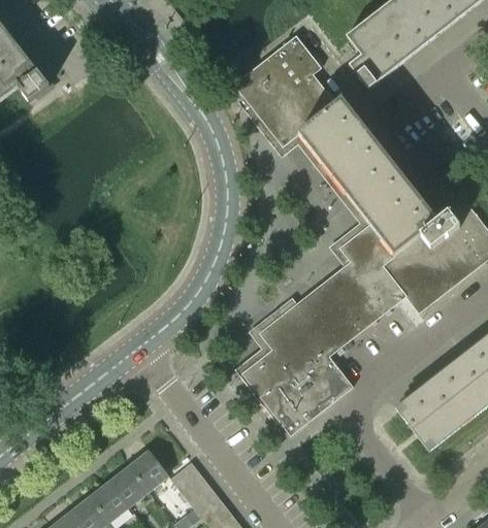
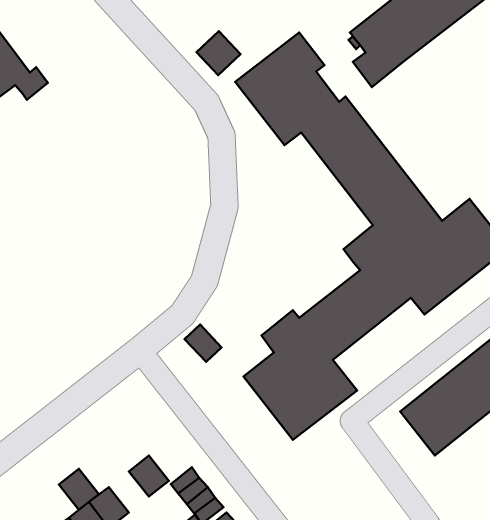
building: none -> [197,31,241,75]
building: none -> [185,325,221,362]
building: [109,465,149,505] -> [59,469,99,510]

